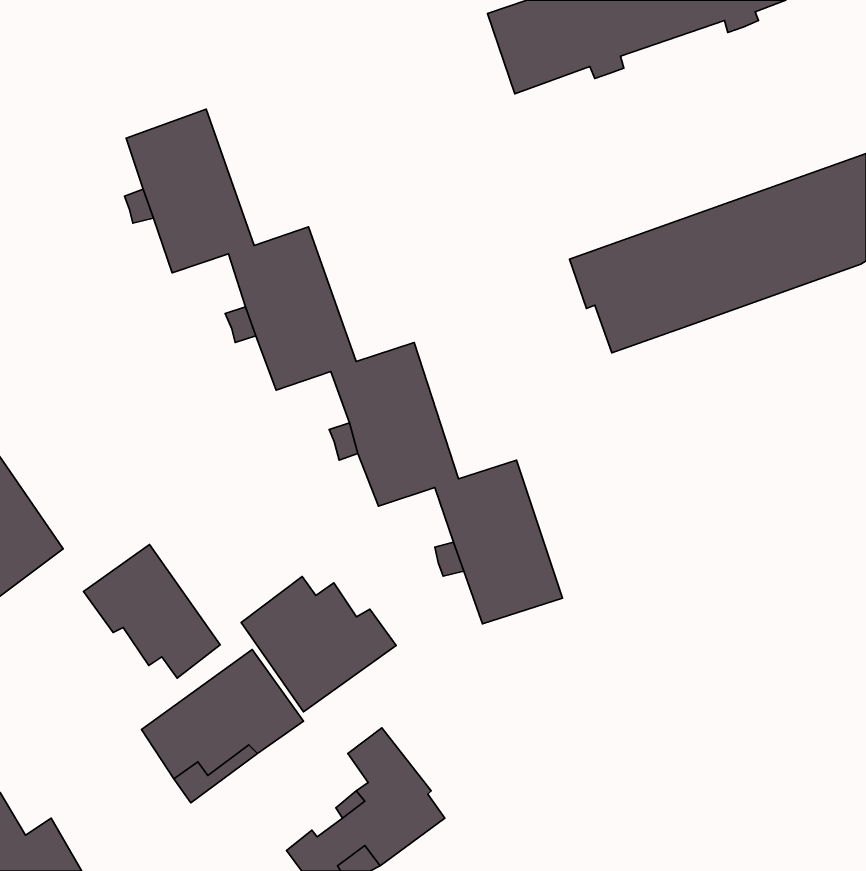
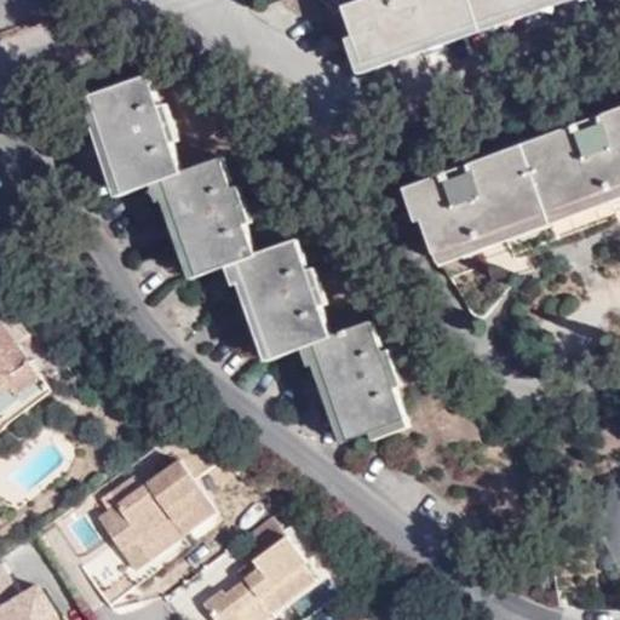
building: [84,545,220,678] -> none
building: [241,576,396,712] -> none

